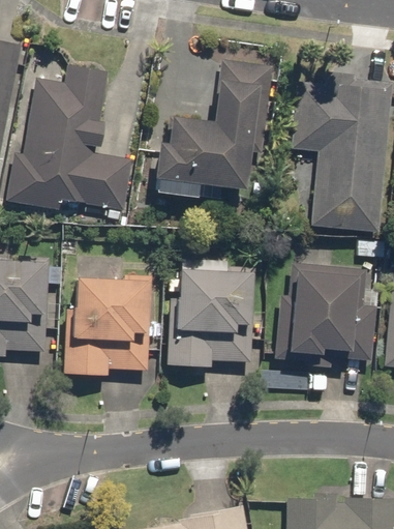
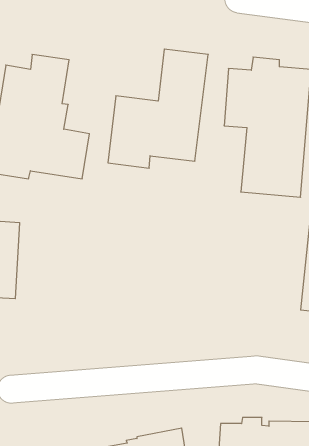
building: [273,263,378,368] -> none
building: [166,266,256,366] -> none
building: [61,273,153,375] -> none

